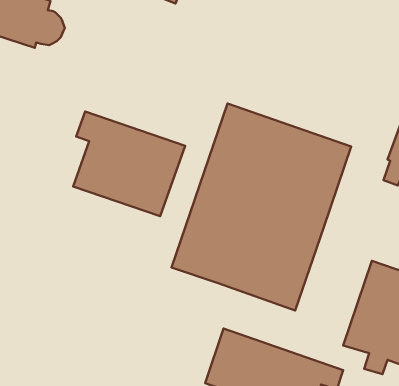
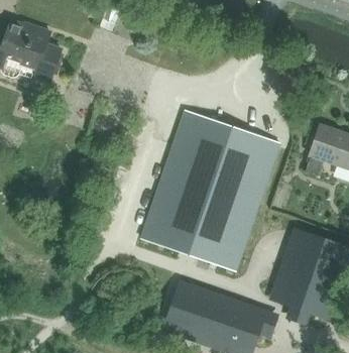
building: [73,111,185,216] -> none

